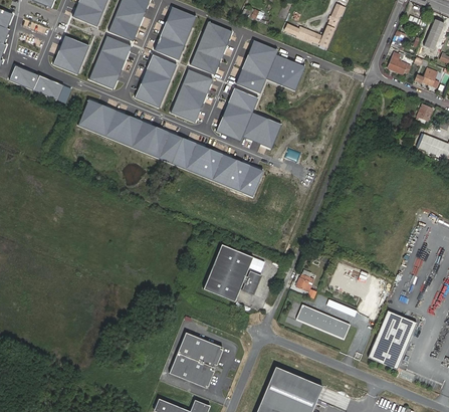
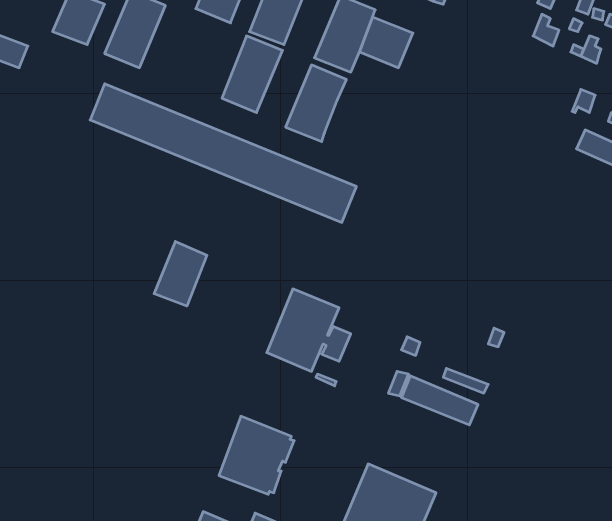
building: [135,53,177,107] -> none
building: [33,75,63,99] -> none
building: [243,112,279,146] -> none
building: none -> [154,241,207,306]
building: [368,310,417,369] -> none

